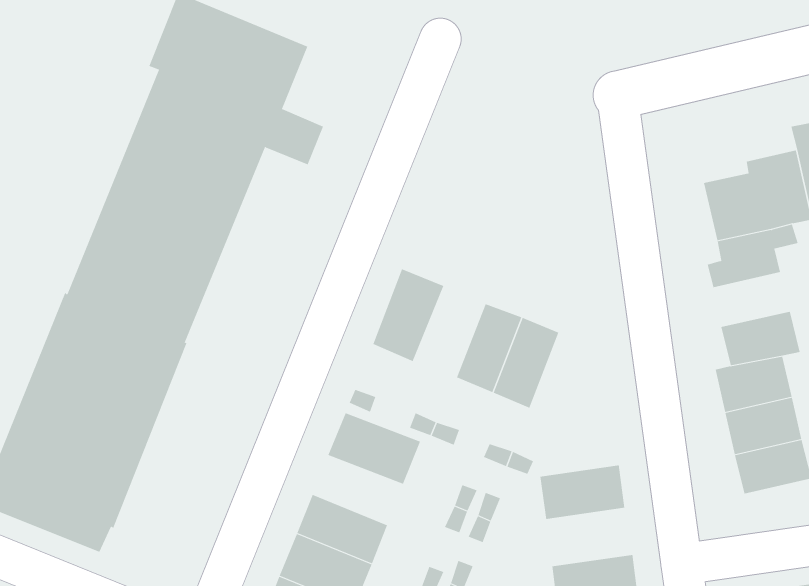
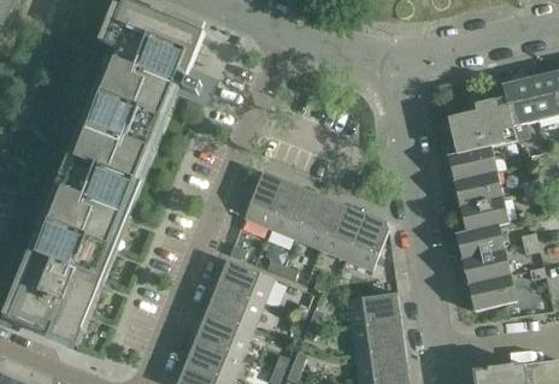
building: none -> [454,173,502,207]
building: none -> [269,182,313,238]
building: none -> [341,211,388,270]
building: none -> [206,286,263,330]
building: none -> [351,319,405,355]

